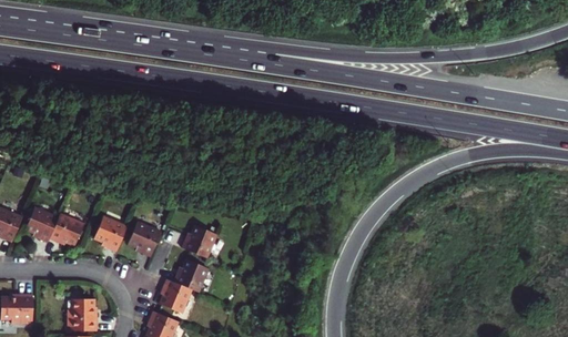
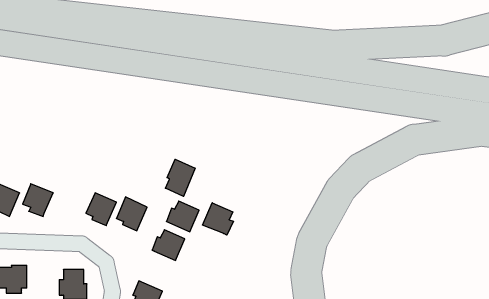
building: none -> [165,159,195,196]
building: [49,212,84,244] -> none
building: none -> [203,203,233,235]
building: [161,279,194,315] -> none

